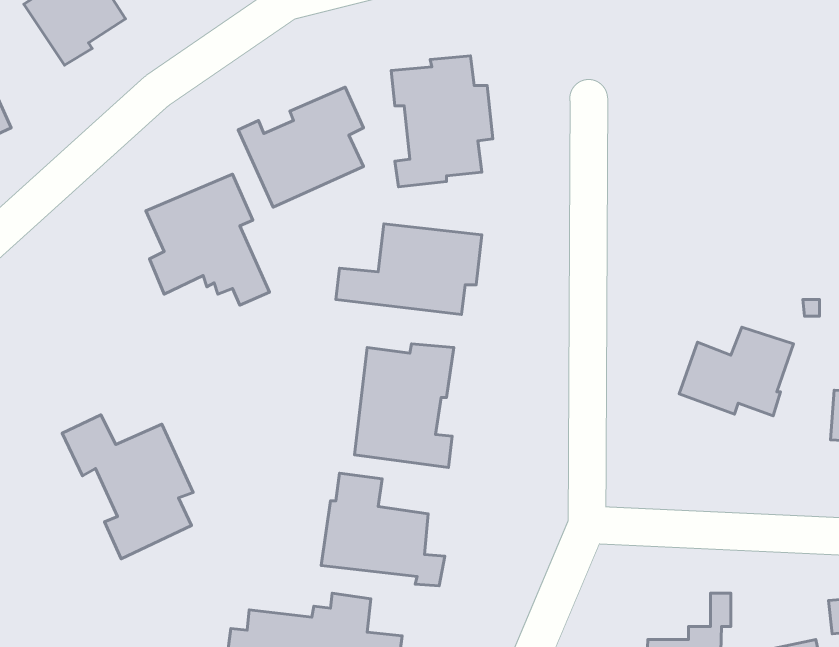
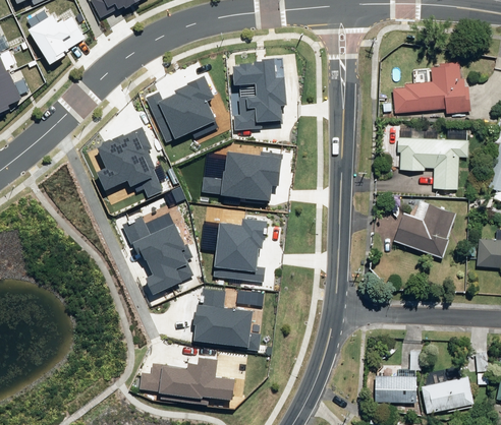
building: none -> [391,64,468,116]
building: none -> [395,131,467,192]
building: [62,415,193,559] -> [123,214,196,293]

